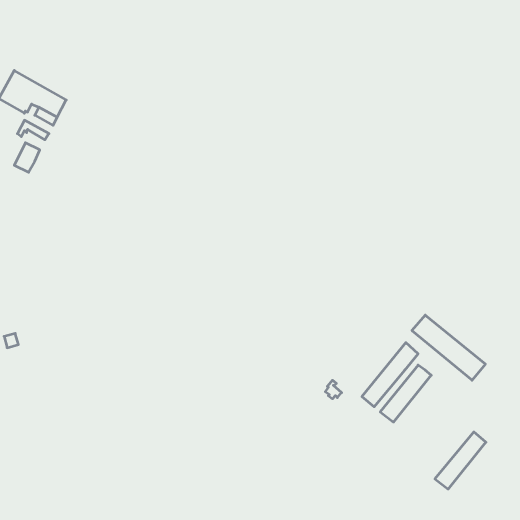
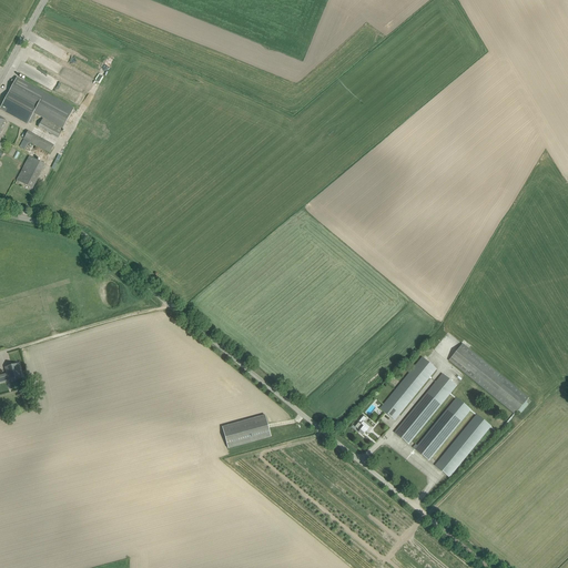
building: none -> [379,356,435,419]
building: none -> [221,414,270,447]
building: [435,432,486,489] -> [434,414,489,476]

